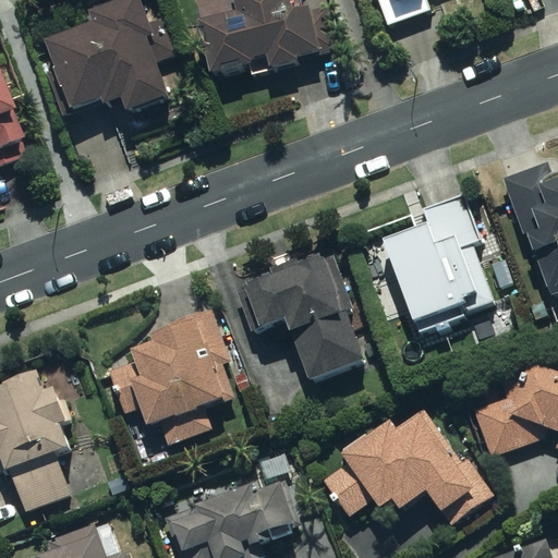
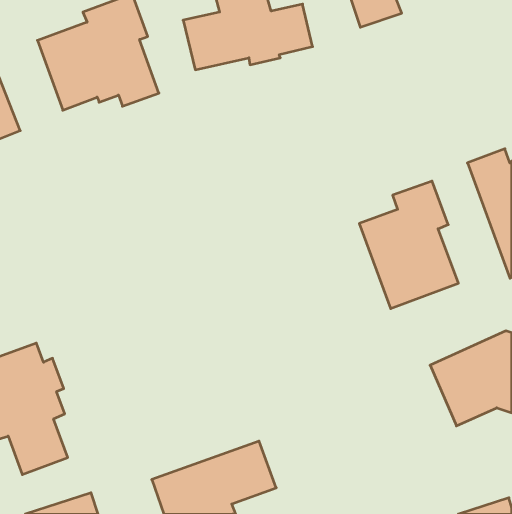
building: [240,256,365,380] -> none
building: [110,310,229,453] -> none
building: [308,398,492,526] -> none

